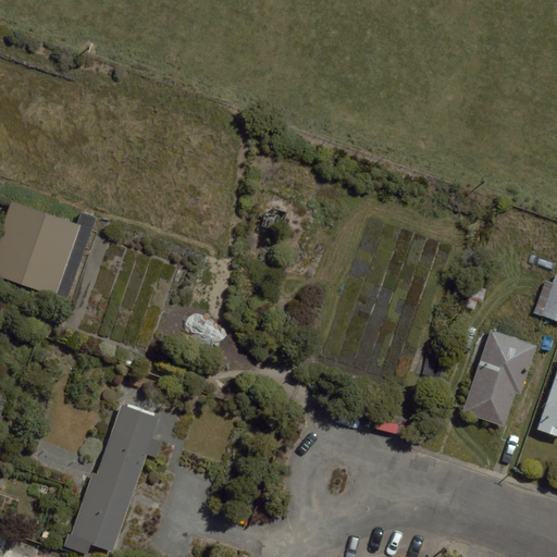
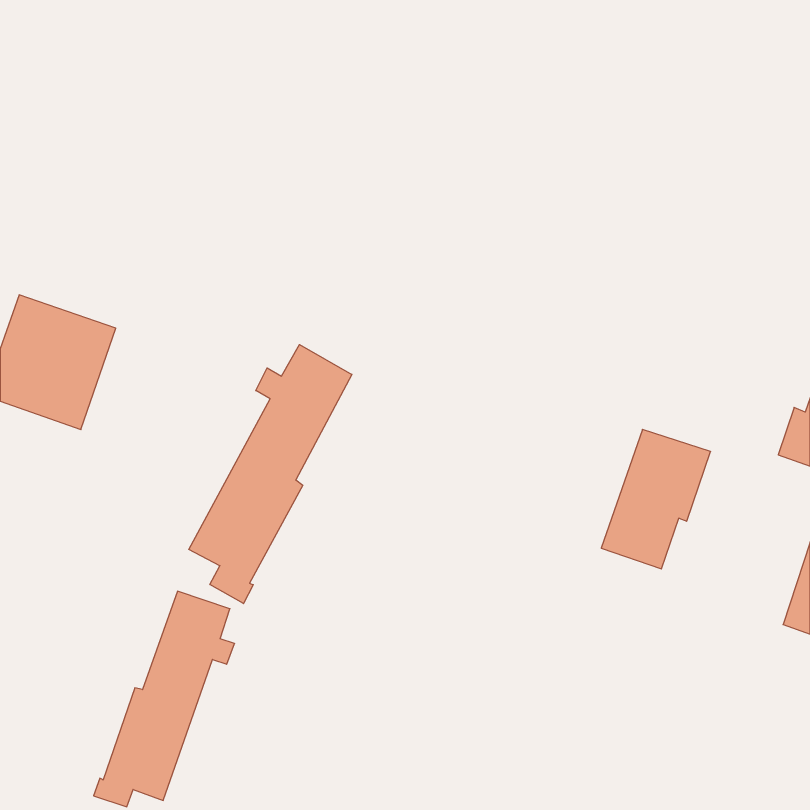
building: none -> [189,345,352,604]
building: [462,331,537,426] -> [601,429,711,569]

